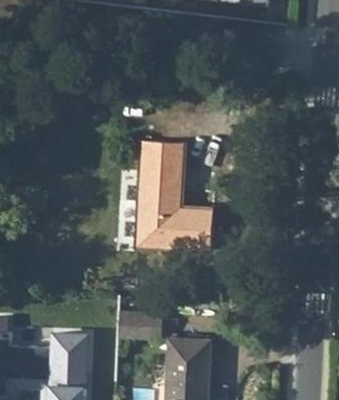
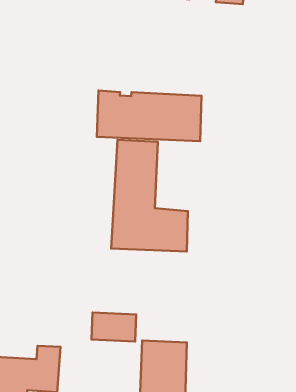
building: none -> [97,90,202,141]

